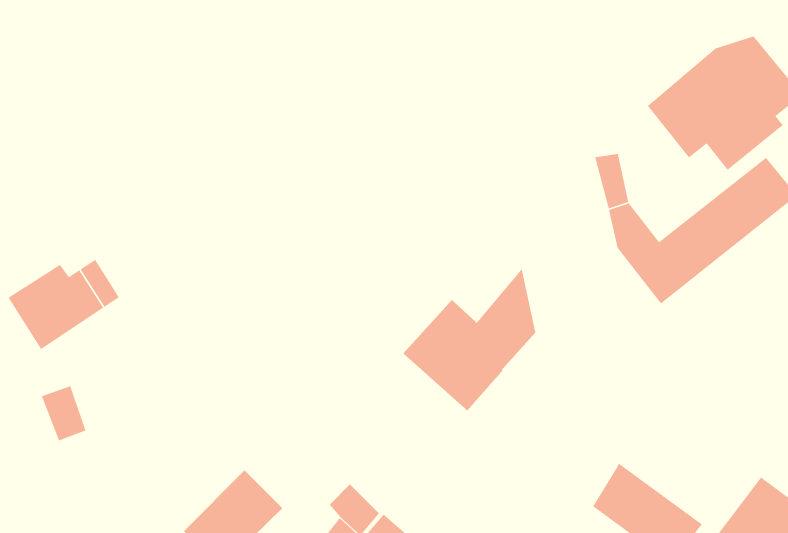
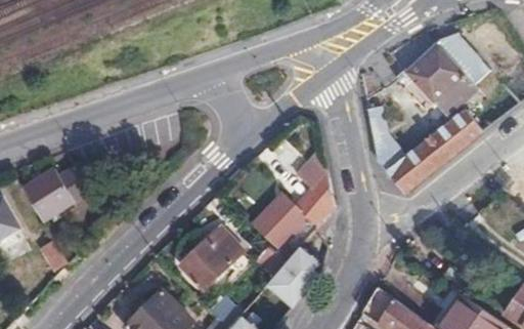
building: none -> [181,228,243,289]
building: none -> [267,246,329,310]

